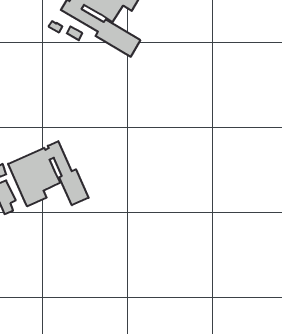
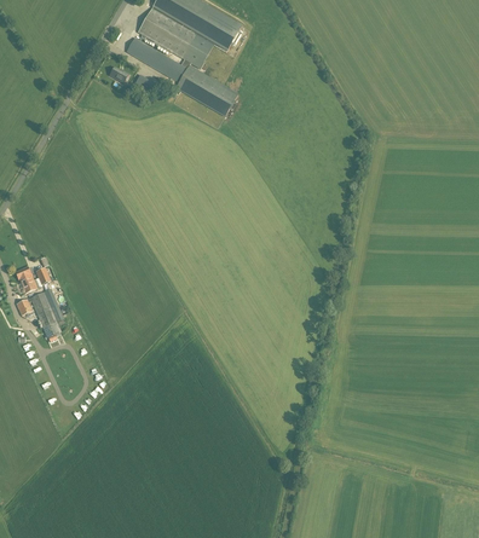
building: [8,141,89,206] -> none

